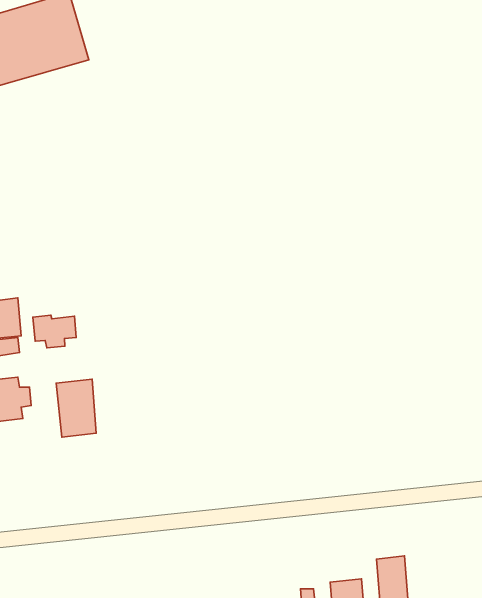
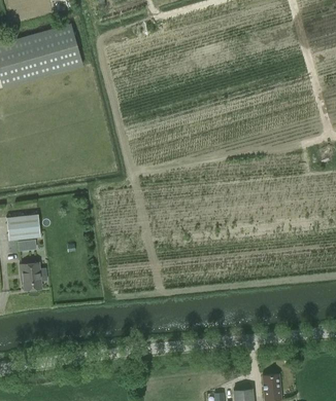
building: [33,315,76,348] -> none
building: [56,379,96,437] -> none

